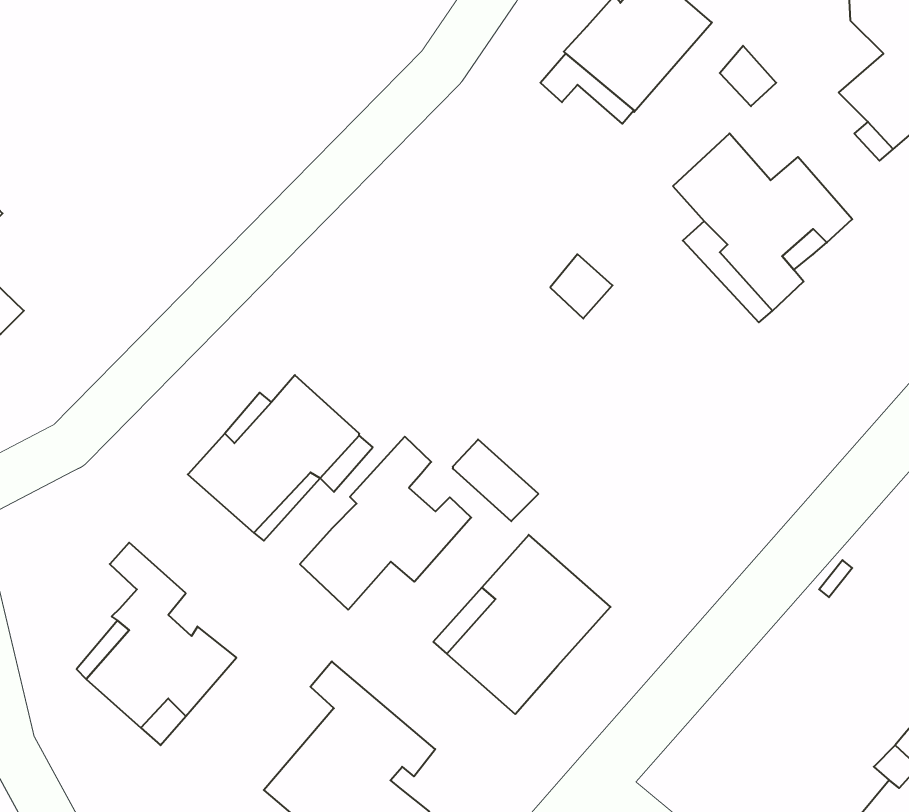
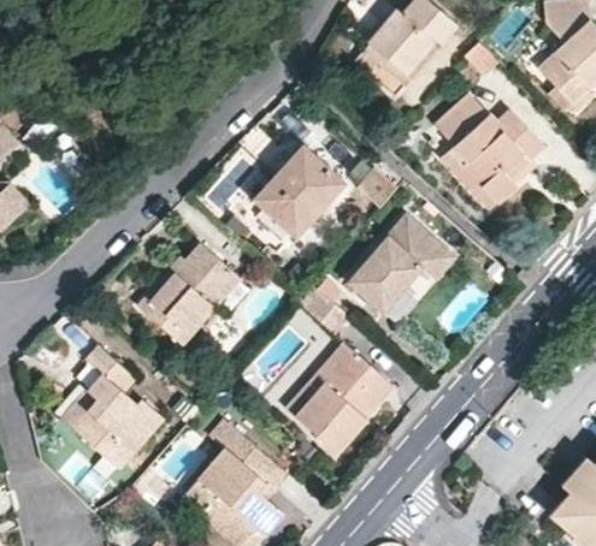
building: none -> [256,146,343,236]
building: none -> [346,213,455,311]
building: [300,437,471,610] -> none

